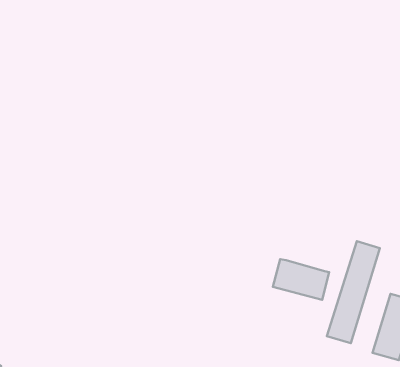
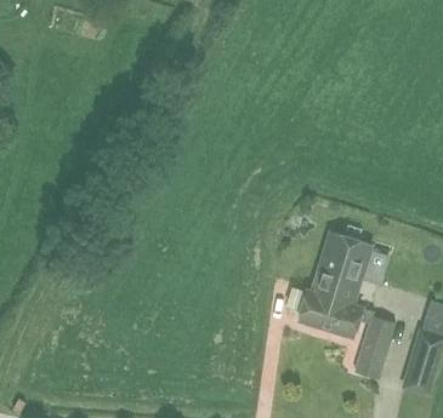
building: none -> [311,230,368,305]

